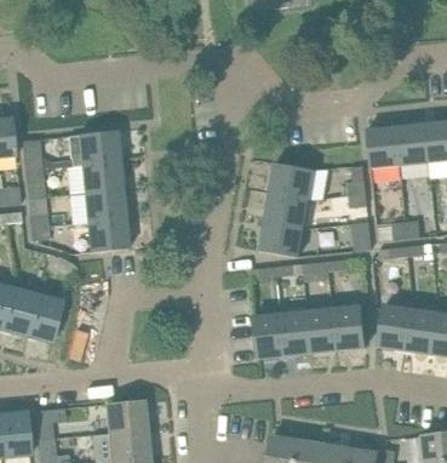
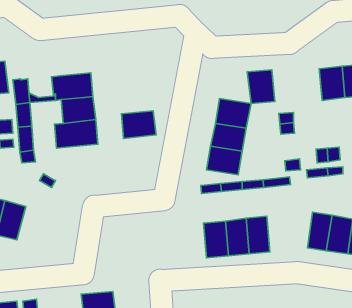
building: [366,126,400,167] -> [247,70,275,104]
building: [86,218,128,252] -> [122,111,156,139]
building: [25,295,62,343] -> none
building: [332,304,365,350] -> none

